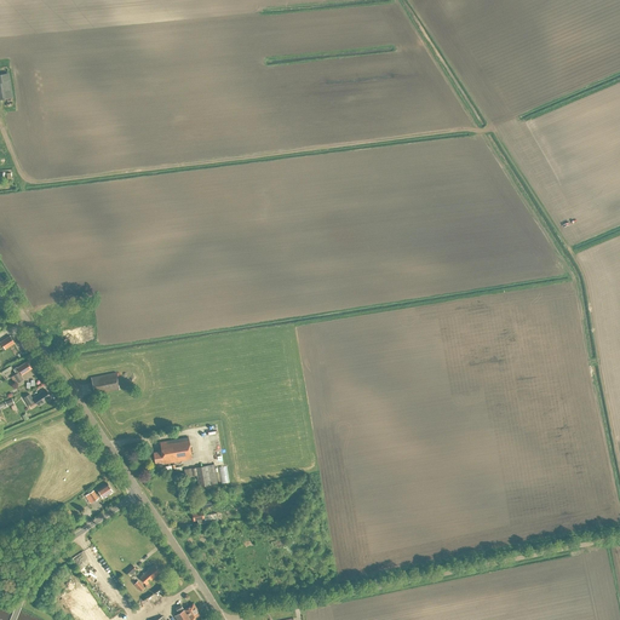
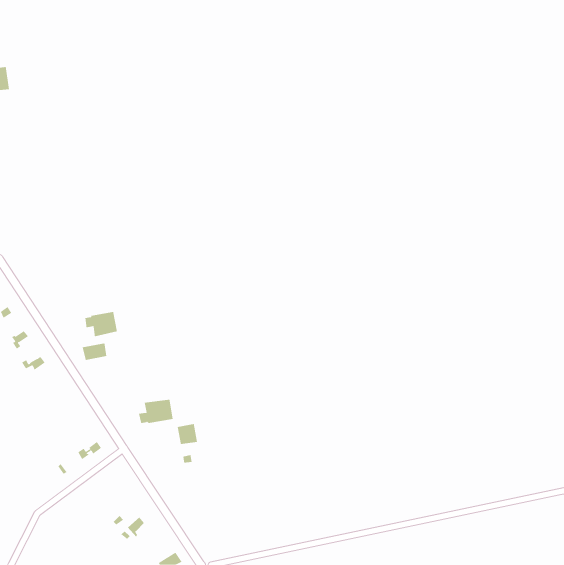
building: none -> [85,311,117,337]

